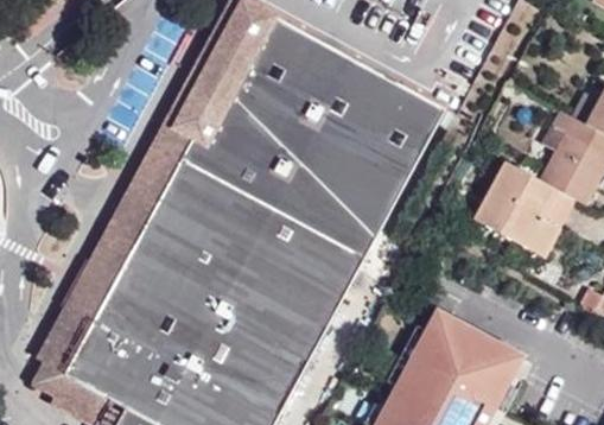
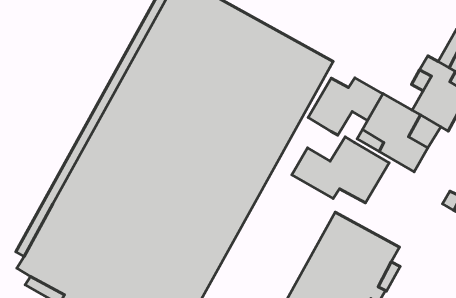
building: none -> [308,78,383,135]
building: none -> [292,137,389,203]

